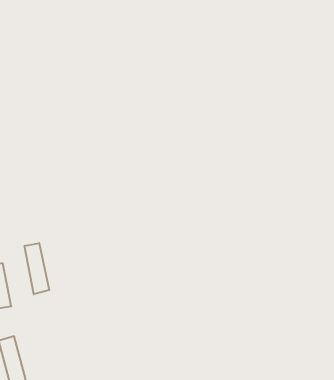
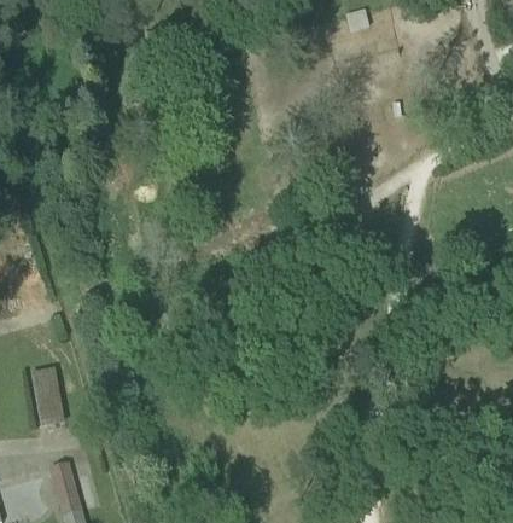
building: [24,243,49,294] -> none

